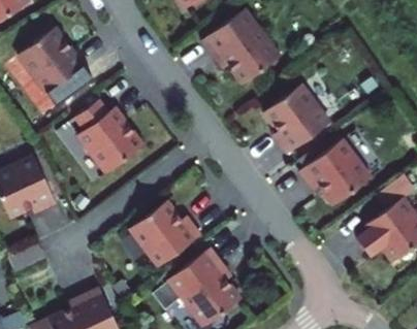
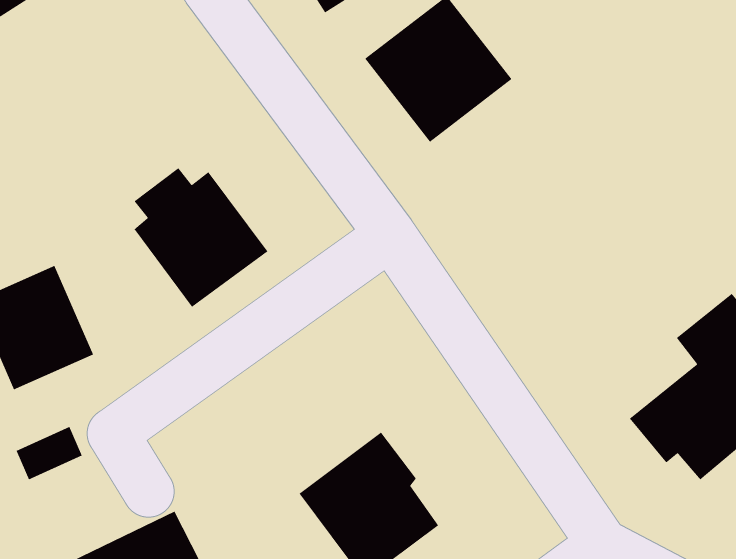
building: [12,24,87,102] -> none
building: [264,80,332,147] -> none
building: [297,137,371,204] -> none
building: [126,199,200,268] -> none

